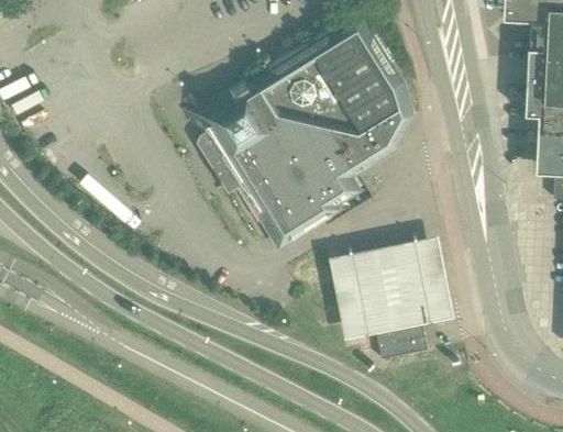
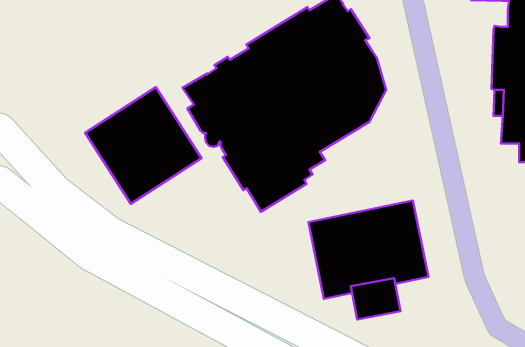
building: none -> [85,87,201,204]

